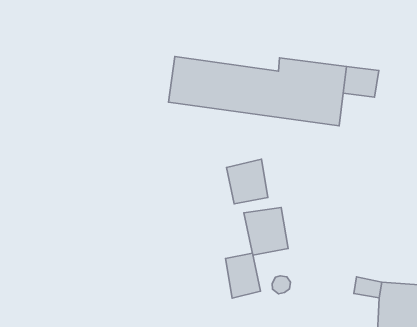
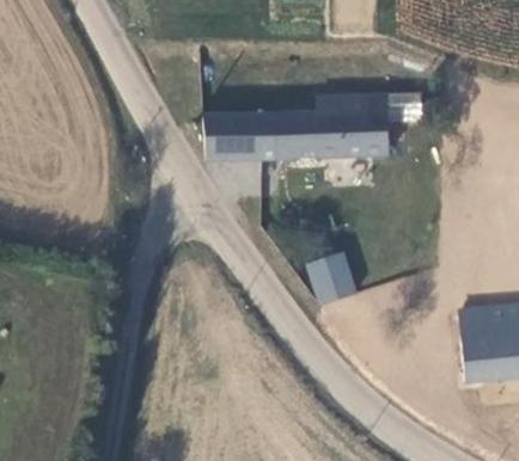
building: [227,159,268,204] -> none
building: [225,253,260,298] -> none

